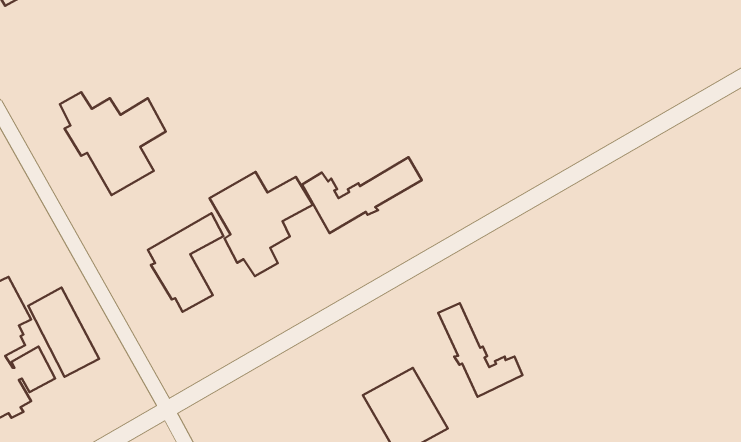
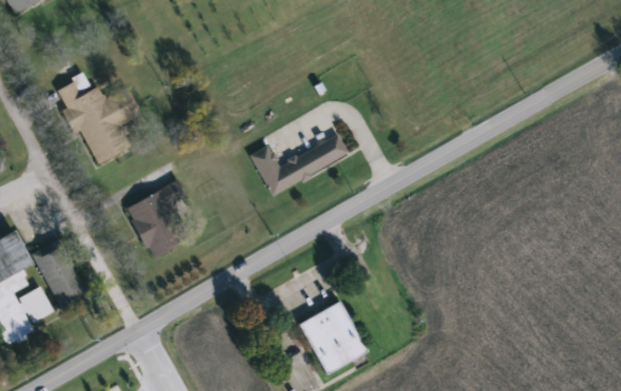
building: [210,172,313,276] -> none
building: [438,303,522,397] -> none

